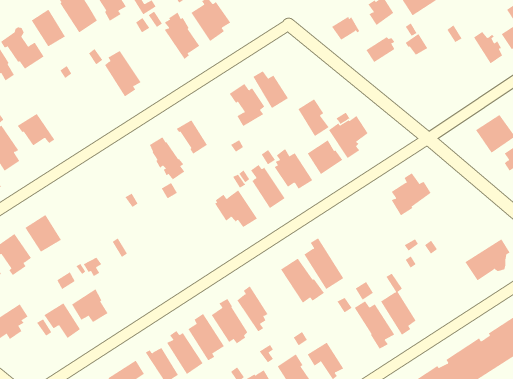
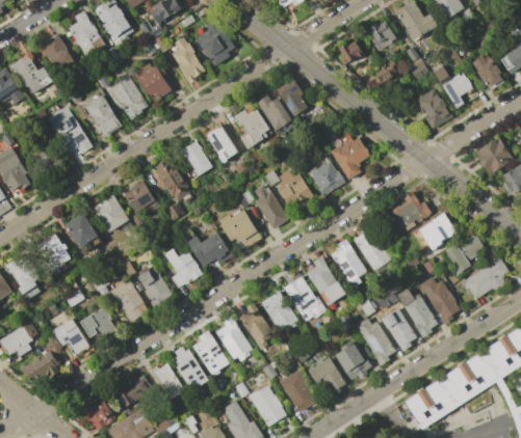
building: none -> [133,62,172,100]
building: none -> [432,65,471,108]
building: none -> [414,88,451,129]
building: none -> [85,94,121,135]
building: none -> [47,106,93,153]
building: [297,98,329,137] -> [277,79,308,116]
building: none -> [205,125,239,162]
building: none -> [121,176,160,214]
building: none -> [94,194,129,231]
building: none -> [64,213,100,253]
building: none -> [418,213,455,250]
building: none -> [353,229,389,271]
building: none -> [186,232,232,268]
building: none -> [443,234,485,273]
building: none -> [330,239,366,282]
building: none -> [164,249,202,288]
building: none -> [138,267,171,308]
building: none -> [419,277,460,323]
building: none -> [109,279,148,322]
building: none -> [396,289,438,337]
building: none -> [261,291,297,331]
building: none -> [335,343,371,380]
building: none -> [20,350,58,382]

